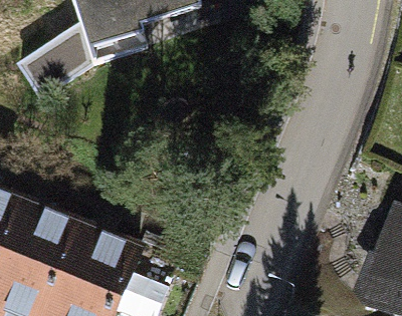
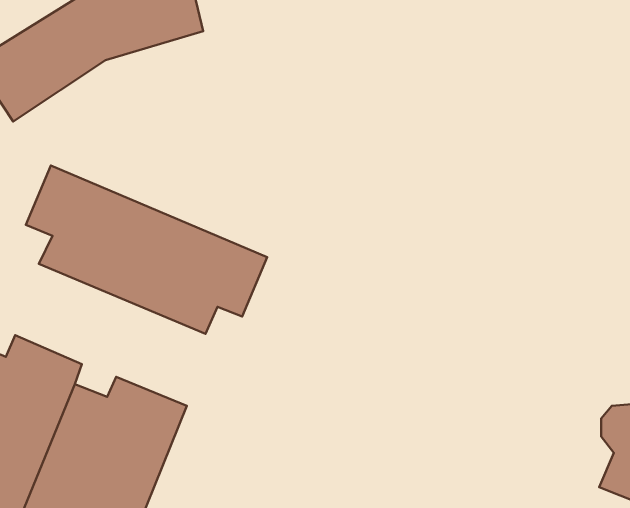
building: none -> [26,165,267,334]

